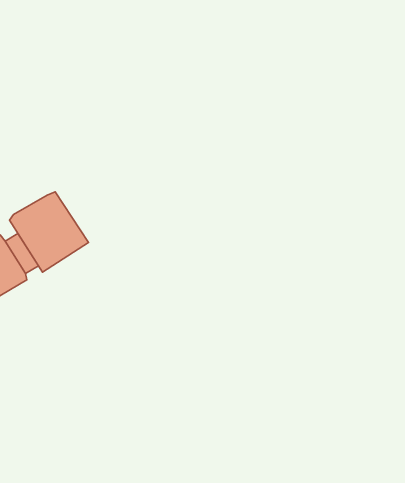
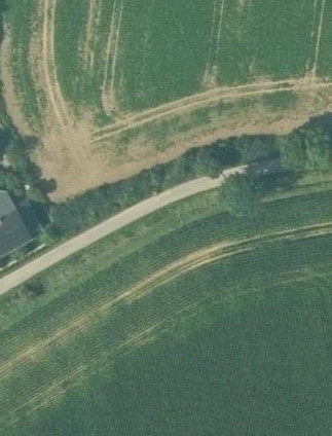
building: [10,192,89,272] -> none

